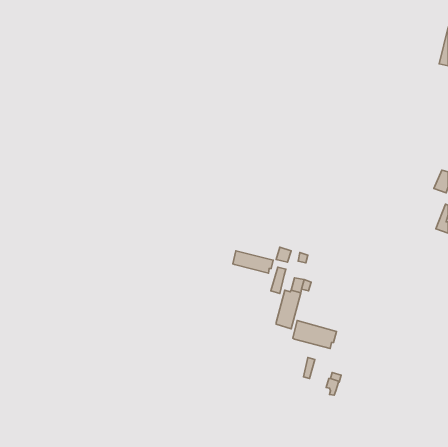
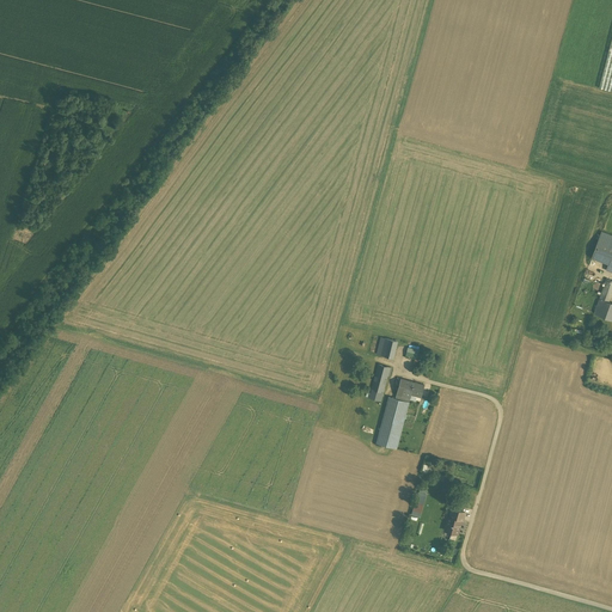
building: [233,251,273,273] -> none
building: [293,321,337,349] -> none

